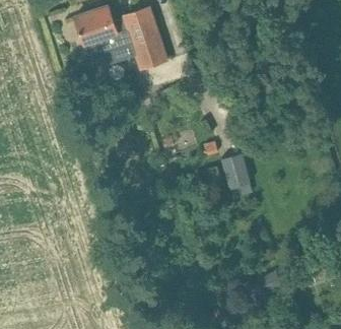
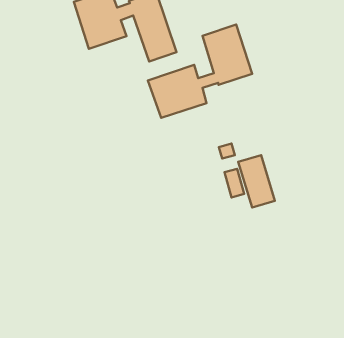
building: none -> [148,24,252,118]

